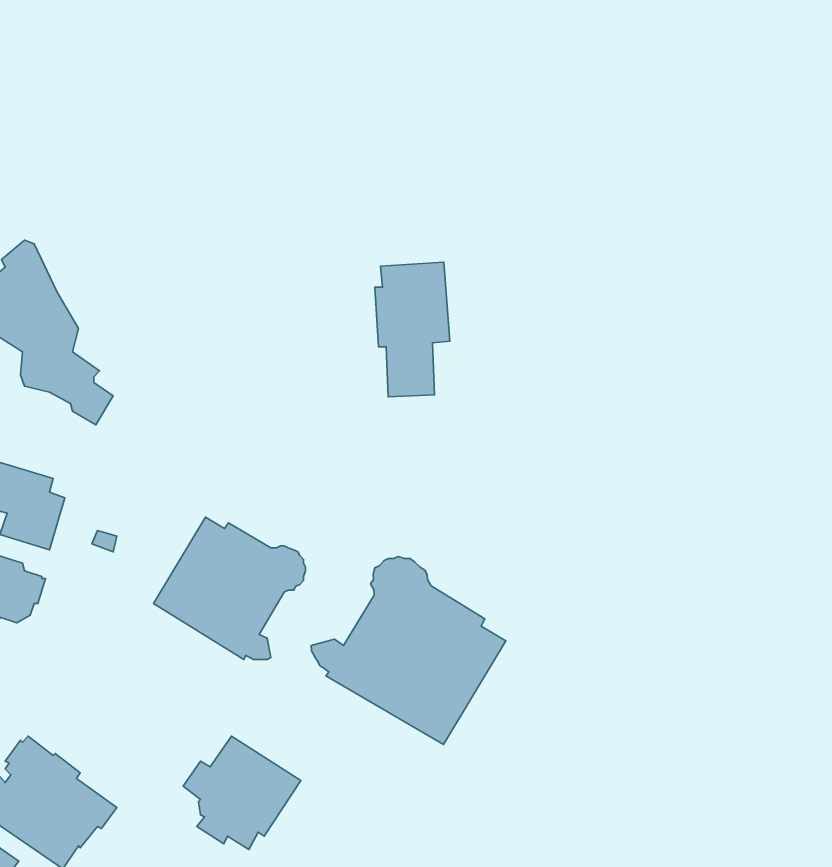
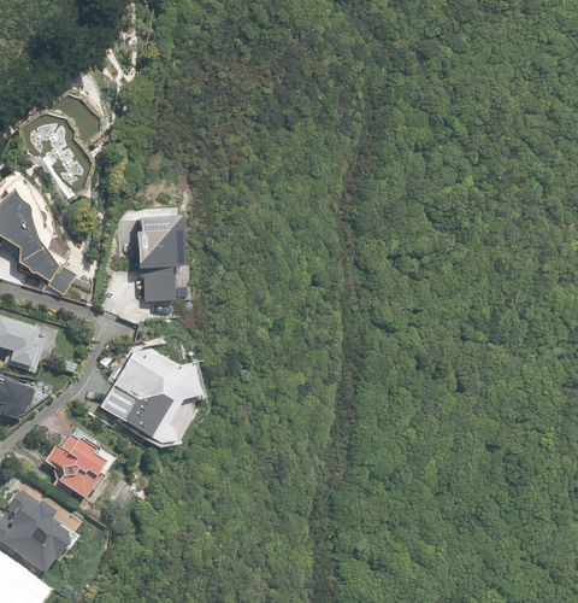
building: [375,262,450,397] -> [136,215,183,299]
building: [311,556,506,745] -> none
building: [183,736,301,850] -> [45,428,118,499]

